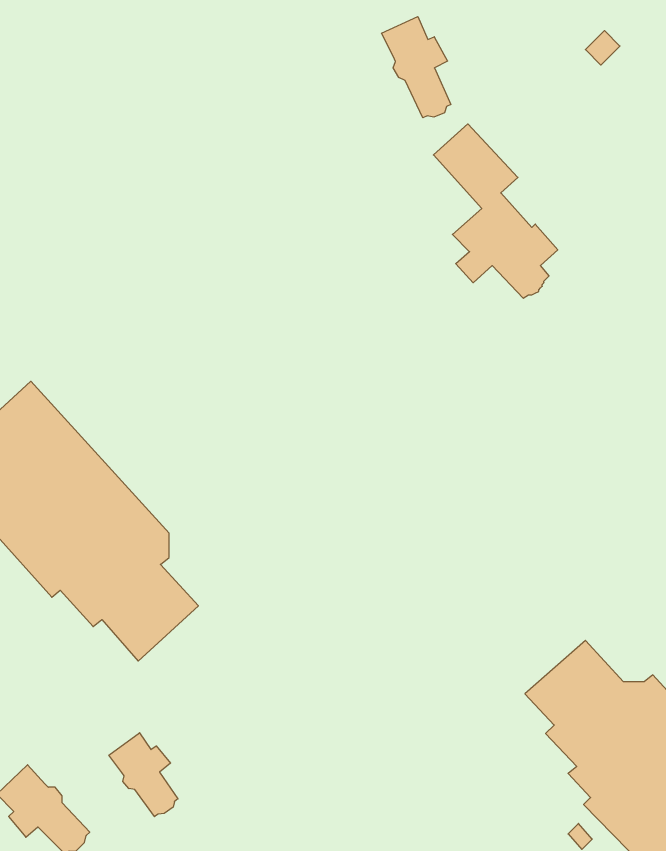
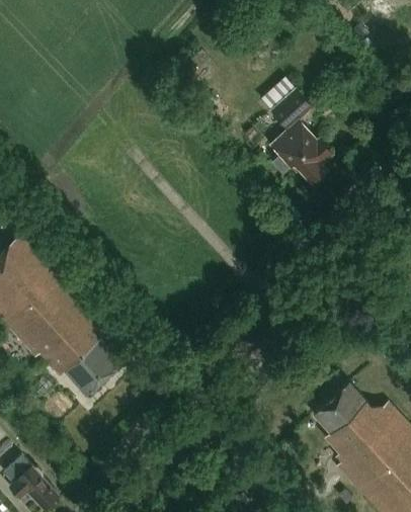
building: [382,17,451,118] -> none
building: [109,733,178,817] -> none

